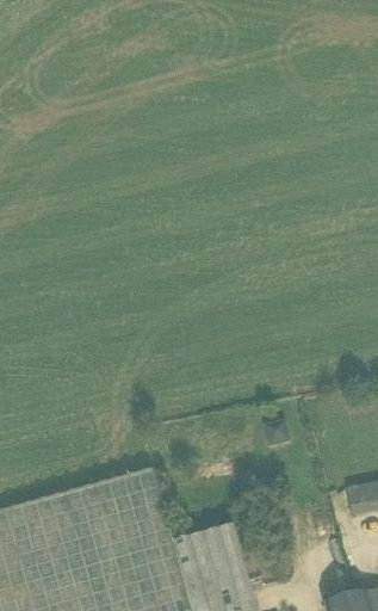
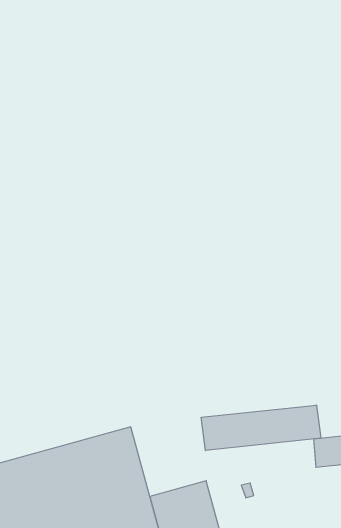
building: none -> [201,405,321,451]

